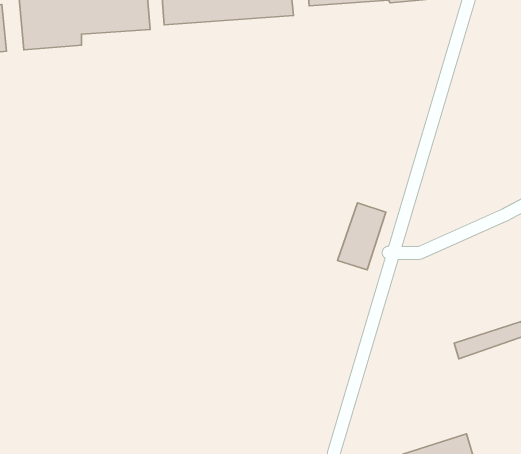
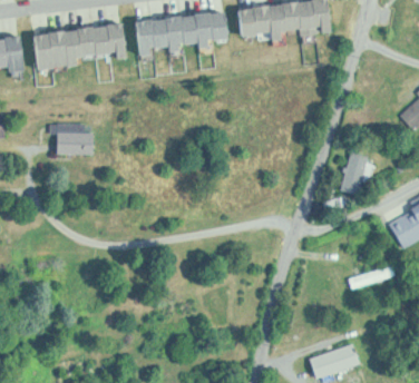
building: none -> [56,124,94,154]
building: [337,203,386,270] -> [338,148,372,196]

